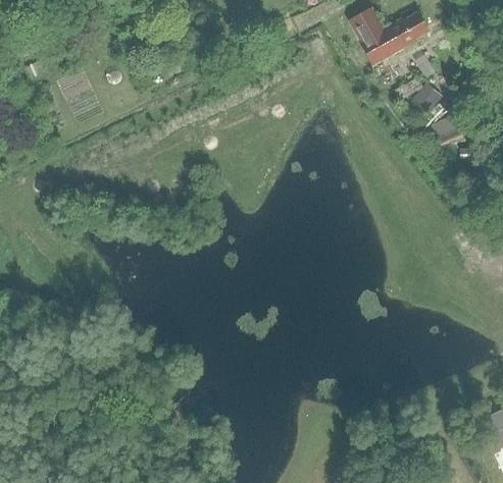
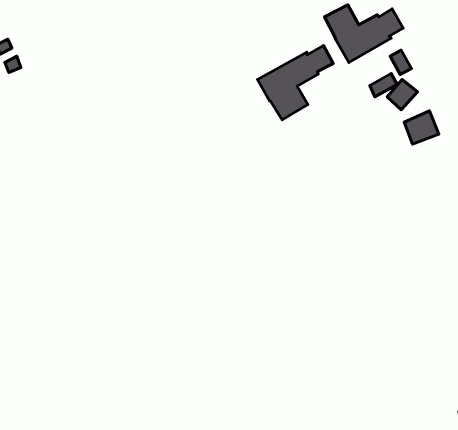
building: none -> [258,46,333,120]

